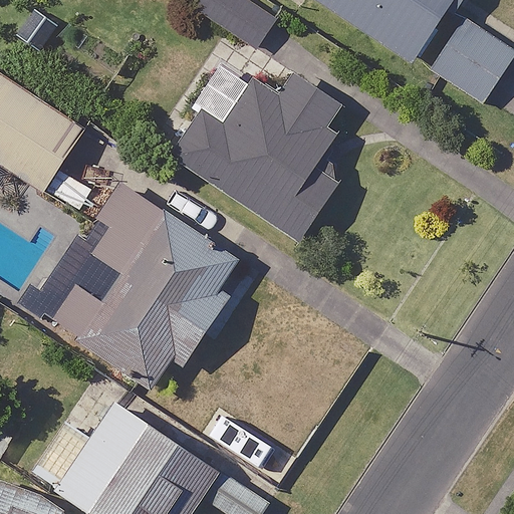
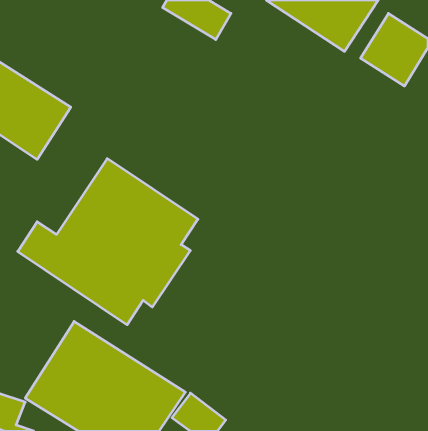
building: [173,64,348,240] -> none

